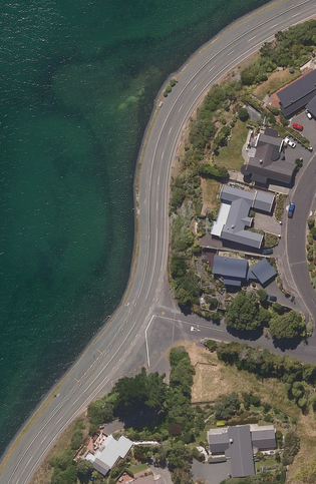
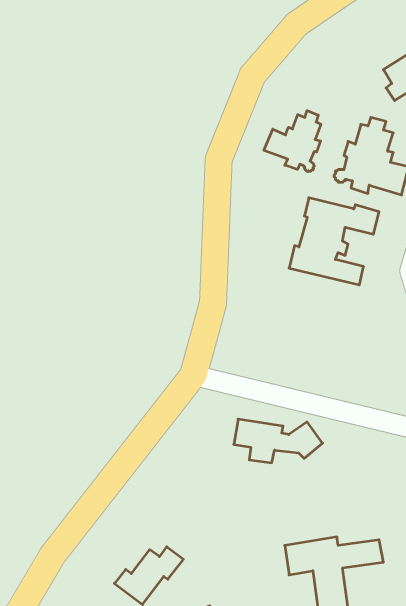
building: none -> [264,111,321,172]
building: [213,256,276,287] -> [234,419,323,463]

